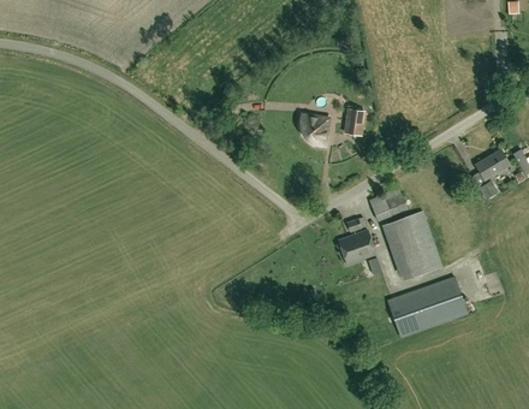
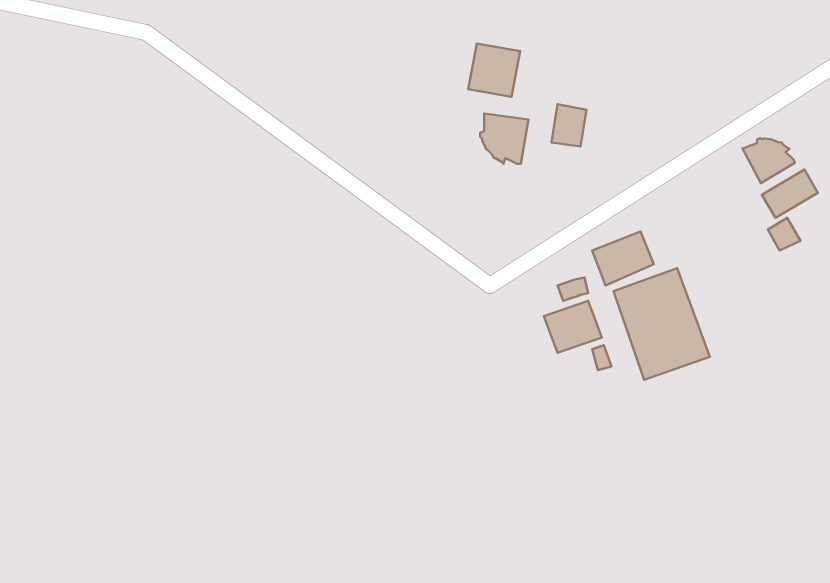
building: none -> [468,44,520,97]
building: none -> [742,138,795,183]
building: [387,277,468,337] -> none

